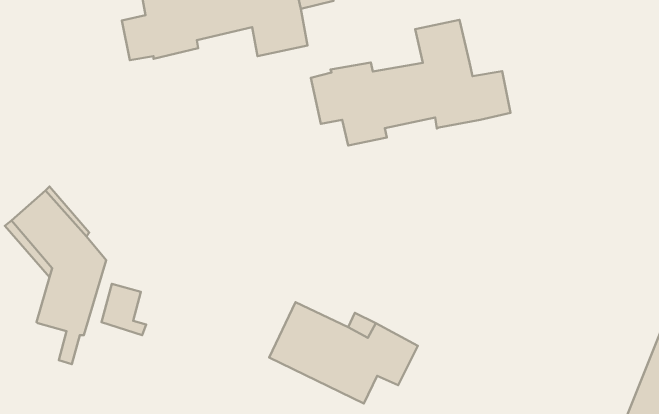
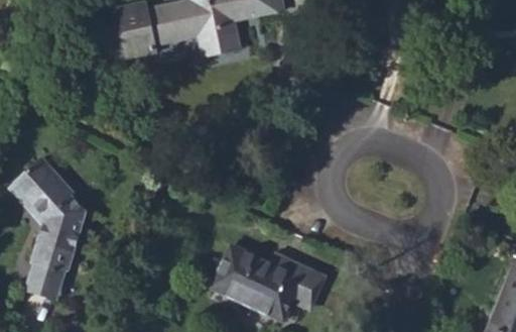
building: [311,20,510,145] -> none
building: [101,284,146,335] -> [26,261,60,301]

